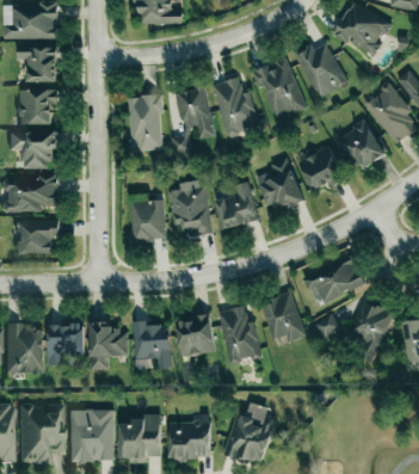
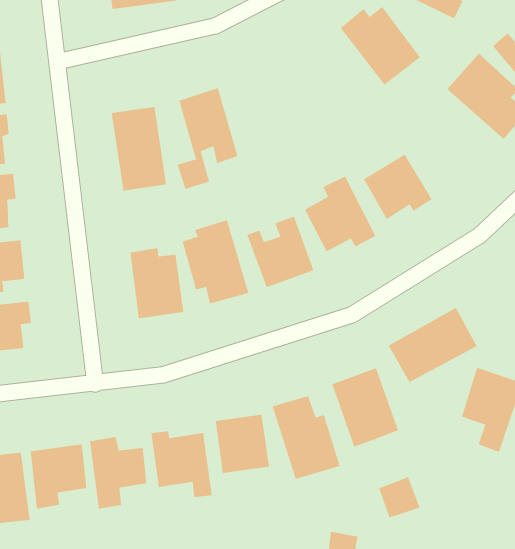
building: [251,59,304,118] -> none
building: [214,78,258,138] -> none
building: [337,121,386,172] -> none
building: [315,314,343,341] -> [379,476,420,518]

